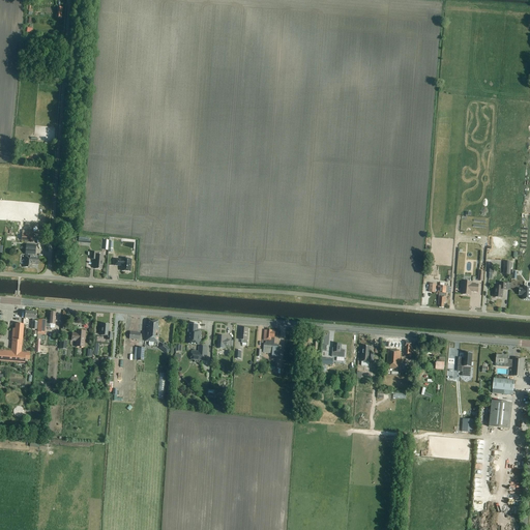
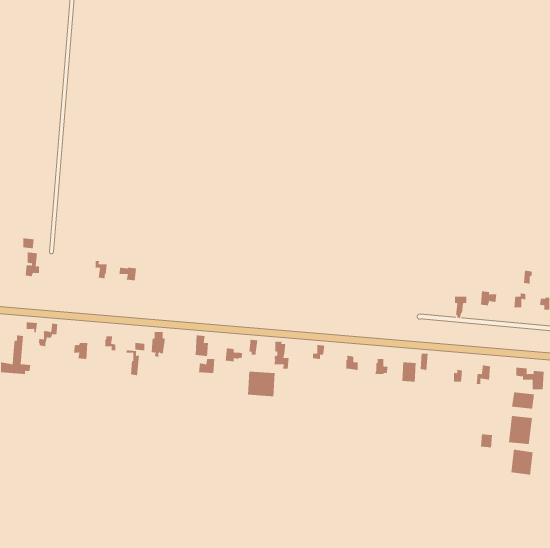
building: none -> [248,371,275,397]
building: none -> [511,449,533,475]

